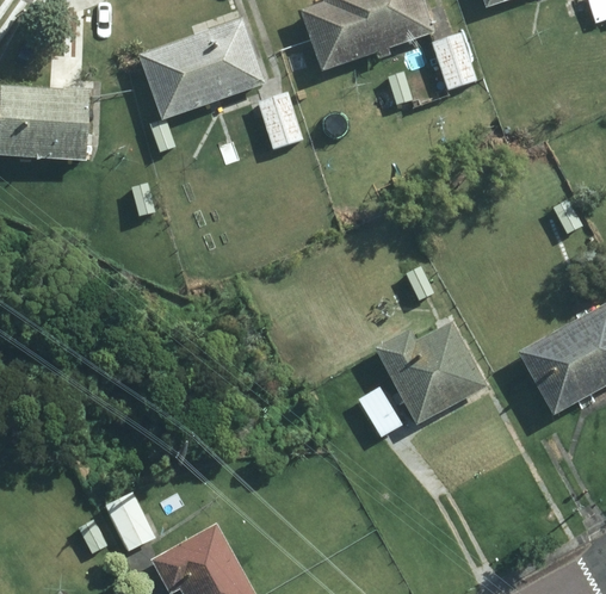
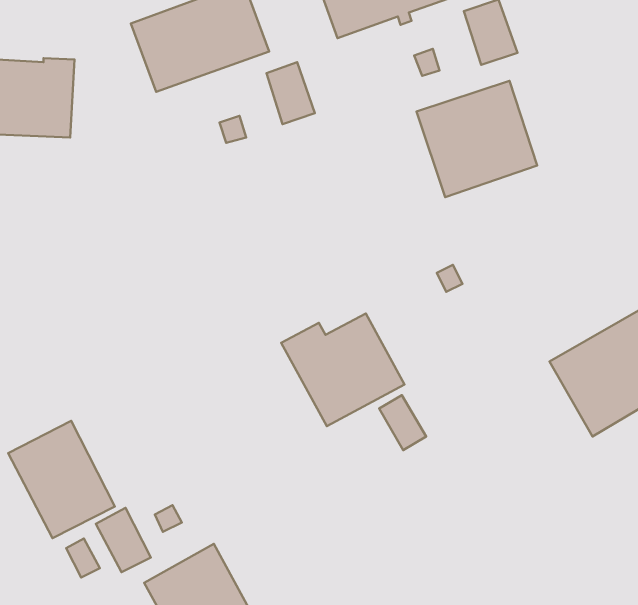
building: none -> [417,81,537,197]
building: [375,323,484,423] -> [281,313,405,426]
building: none -> [8,421,115,538]

